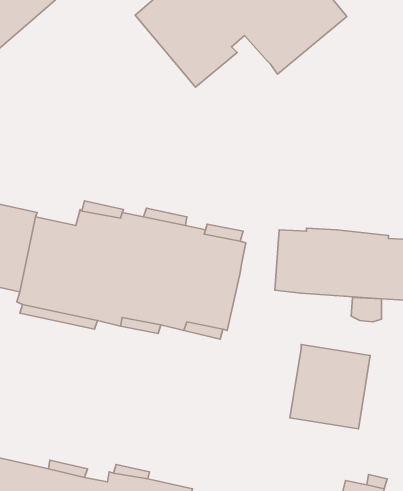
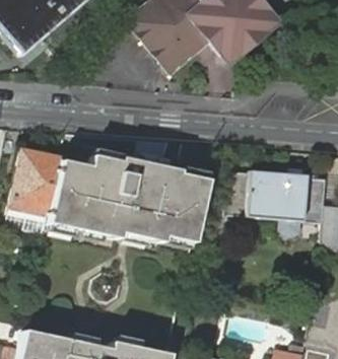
building: [290,345,370,429] -> none

